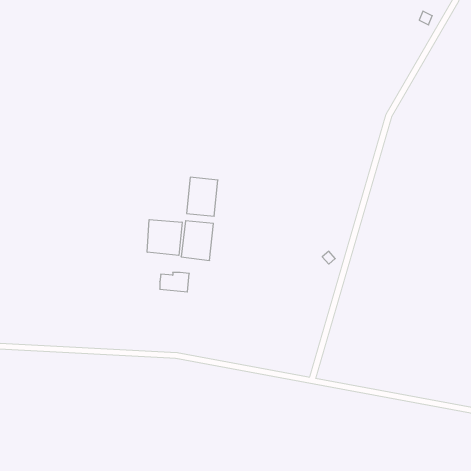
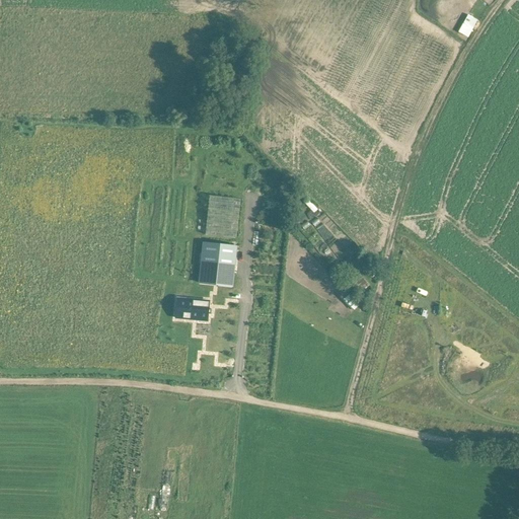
building: [147,220,182,255] -> none

